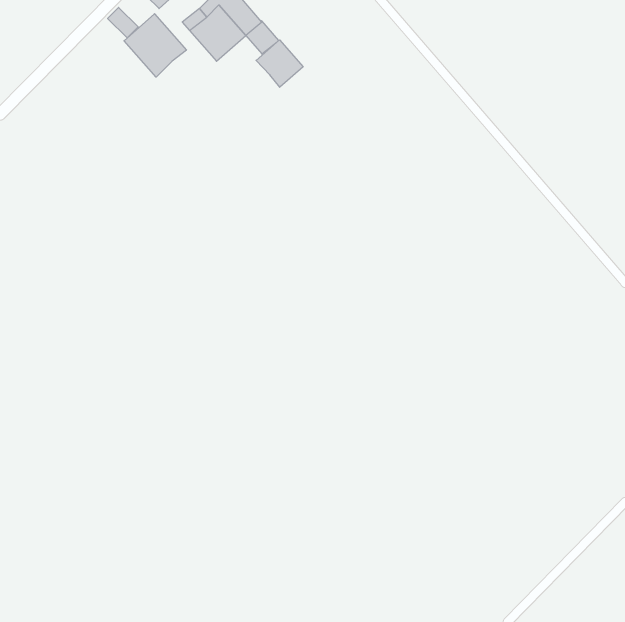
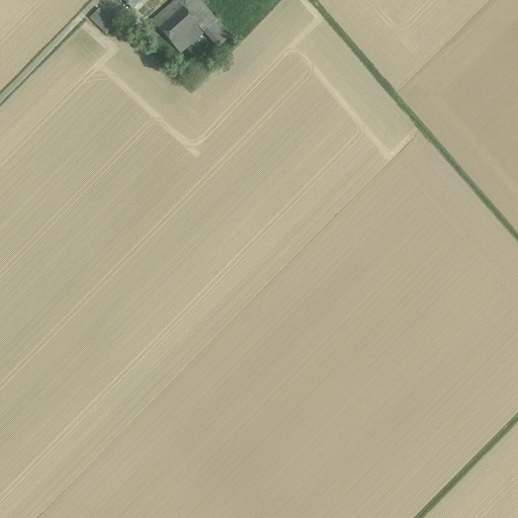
building: [124,14,186,77] -> none
building: [256,40,303,87] -> none

